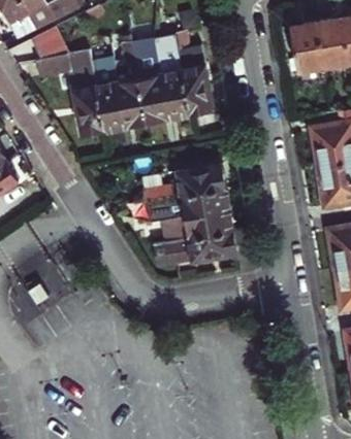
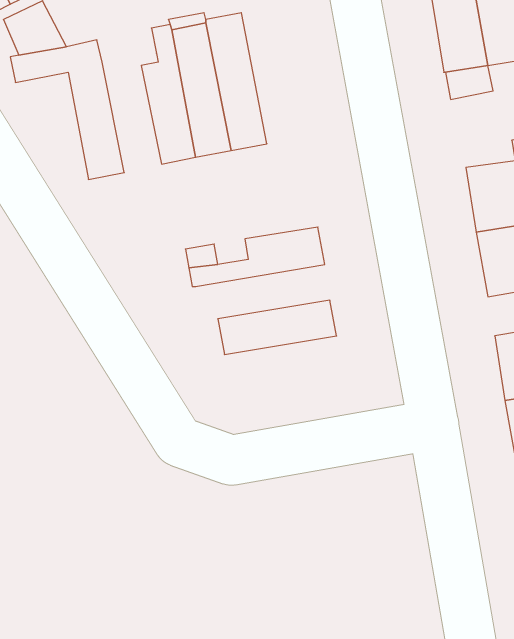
building: [176,31,214,113] -> none
building: [91,59,127,131] -> none
building: [148,187,229,222] -> none
building: [153,228,253,266] -> none

